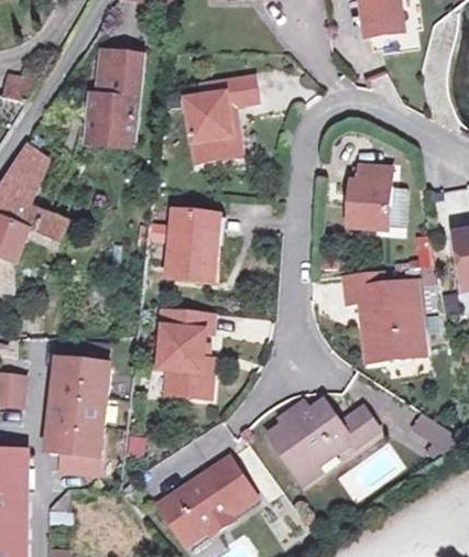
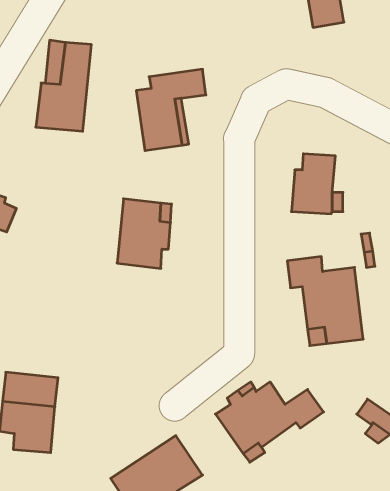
building: [157,309,211,398] -> none
building: [53,340,110,395] -> none

